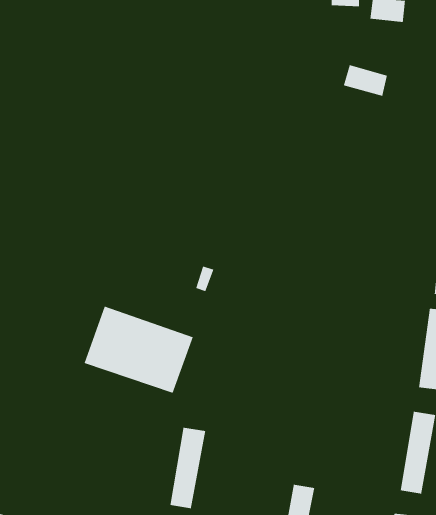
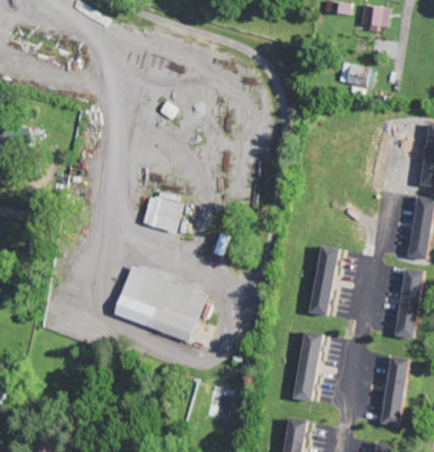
building: none -> [140,192,182,231]
building: none -> [310,245,340,315]
building: [170,427,206,509] -> [293,331,324,401]

